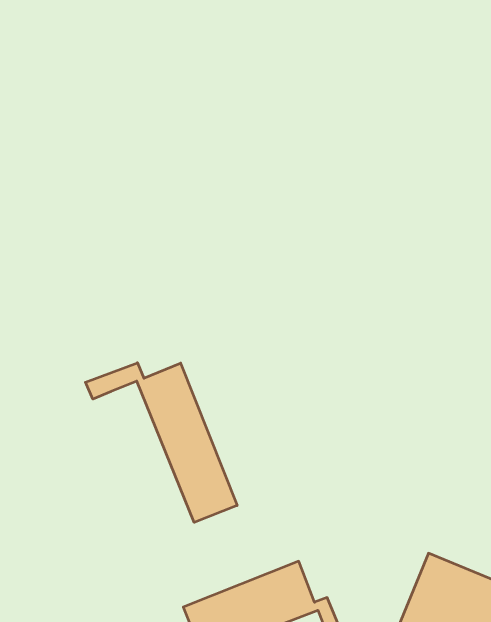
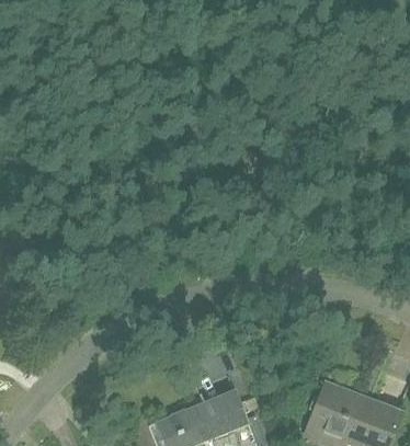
building: [85,363,237,522] -> none

